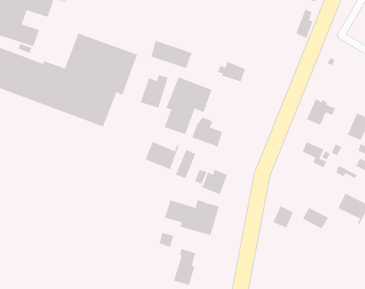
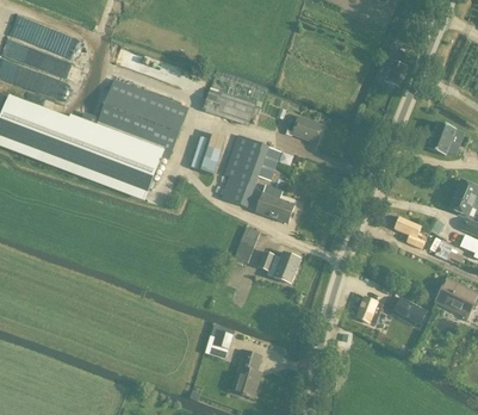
building: [306,99,336,125] -> [427,122,464,155]
building: [145,141,179,170] -> none
building: [164,199,219,236] -> none

